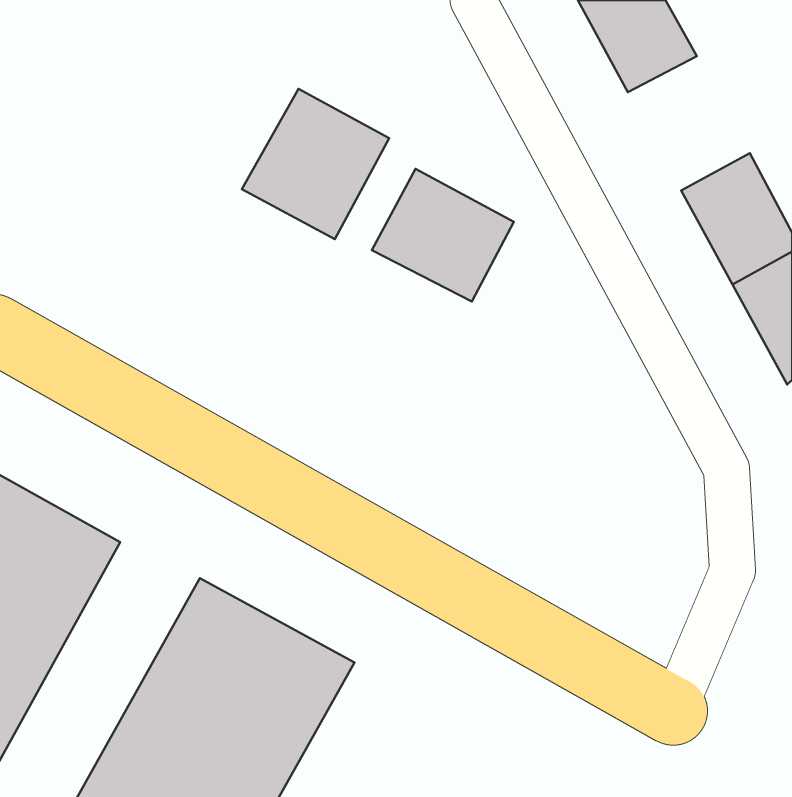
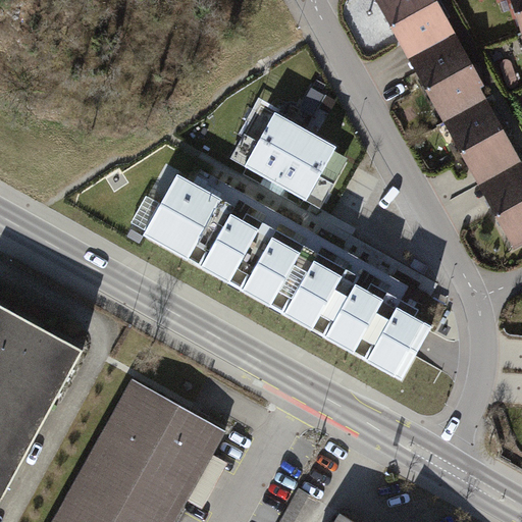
building: none -> [410,38,489,125]
building: [242,89,389,239] -> none
building: none -> [143,175,432,381]

